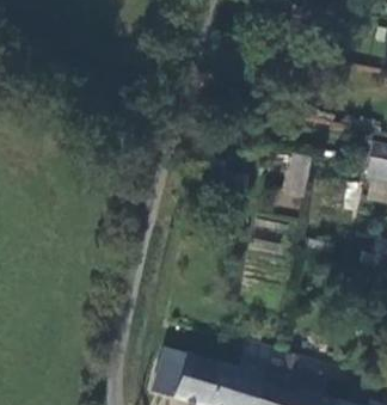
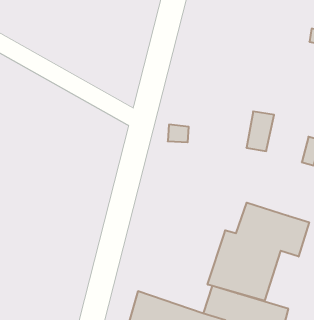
building: none -> [208,203,309,301]

